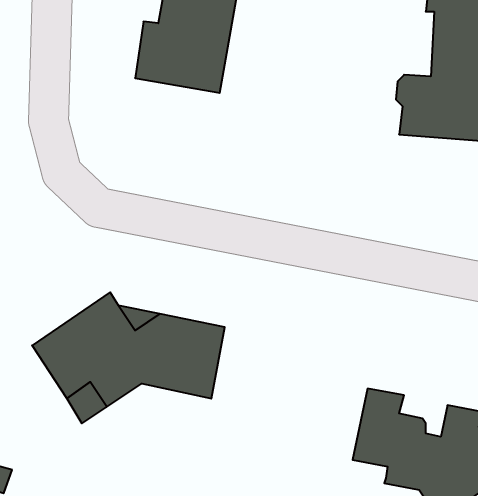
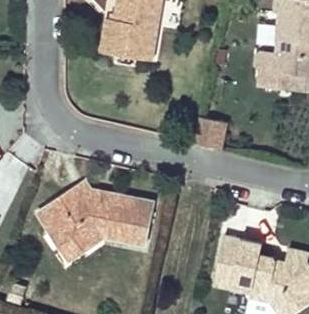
building: none -> [194,116,227,149]
building: none -> [214,235,253,293]

